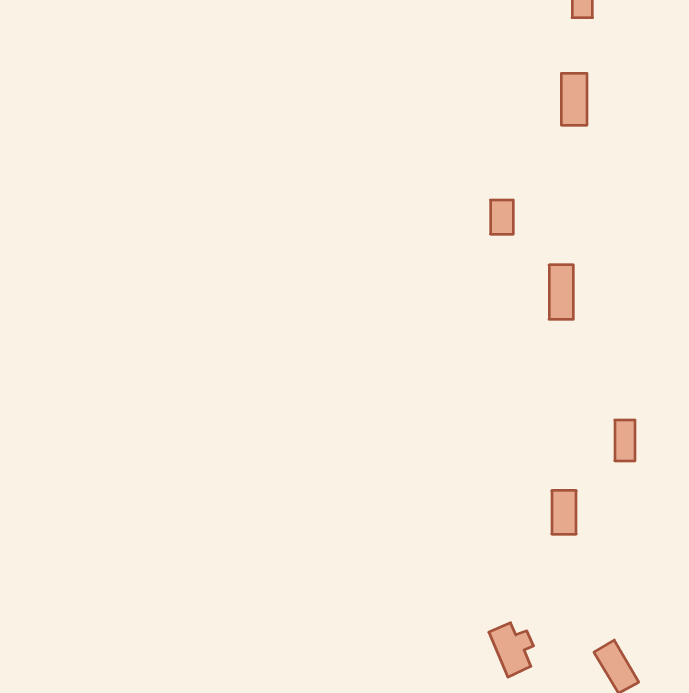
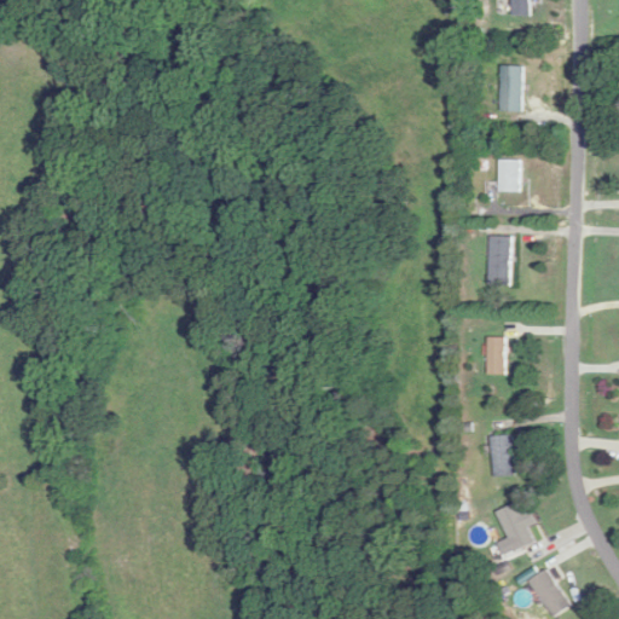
building: [490,200,513,234] -> [498,160,519,190]
building: [615,420,635,461] -> [486,337,504,374]
building: [489,623,534,677] -> [496,503,536,551]

